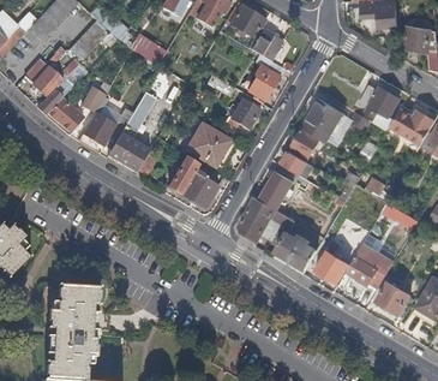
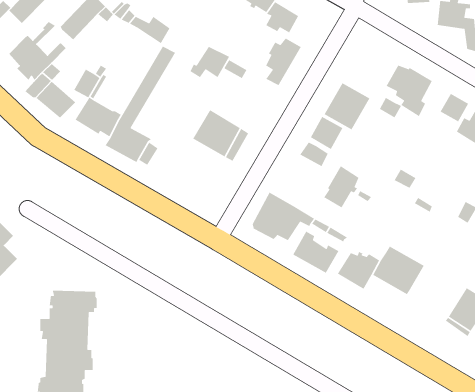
building: [224,99,260,127] -> [189,46,230,78]
building: [168,157,218,208] -> none
building: [260,171,293,209] -> [323,165,360,208]
building: [376,281,409,314] -> none

